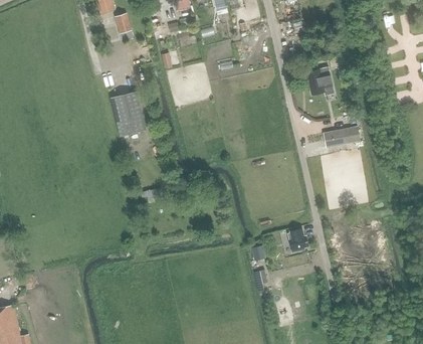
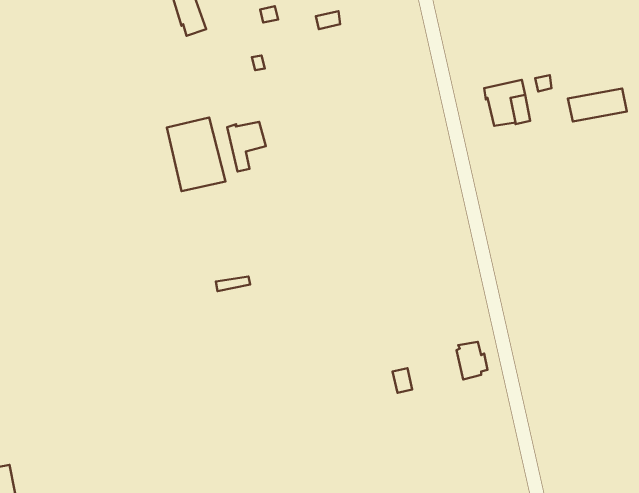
building: none -> [227,122,266,171]
building: [323,127,359,147] -> [568,89,627,121]

